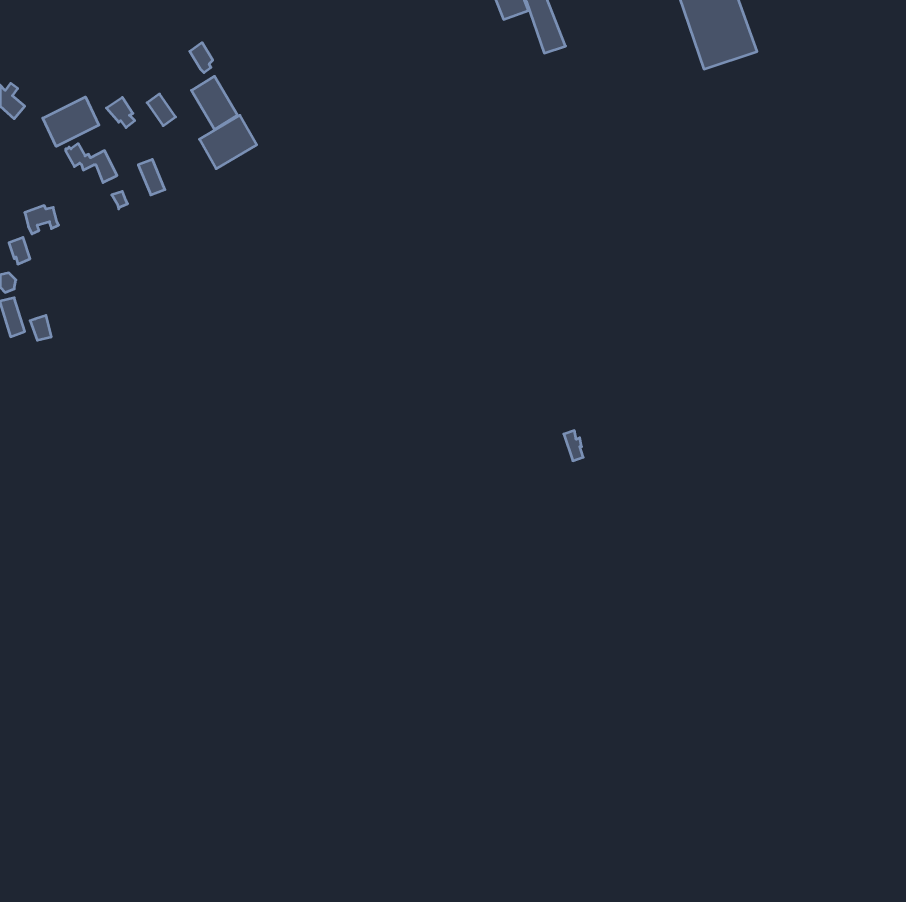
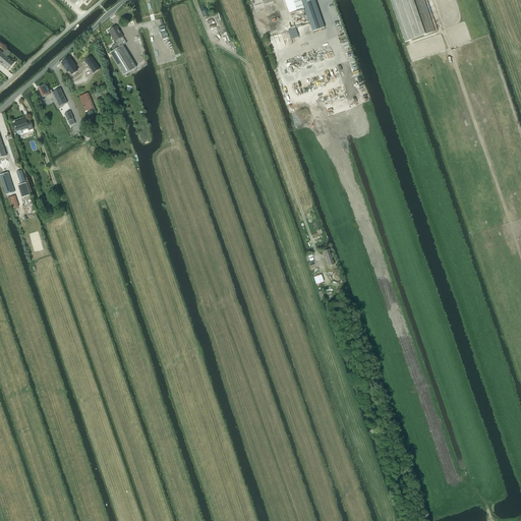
building: [43,97,99,146] -> none
building: [199,115,257,169] -> none

